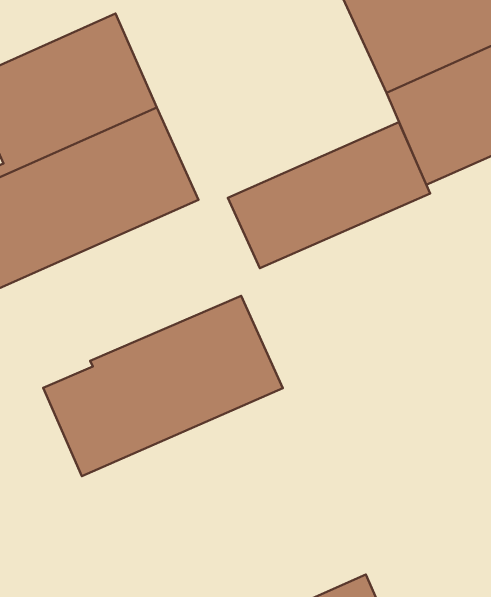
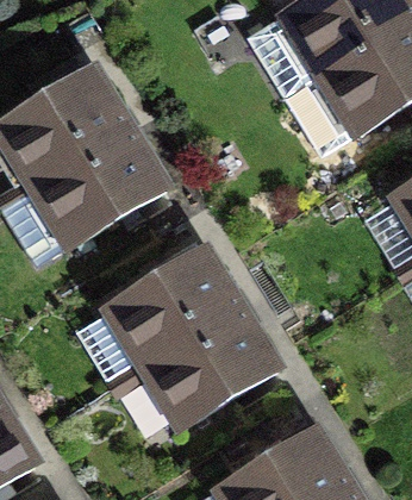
building: [228,122,430,268] -> none
building: none -> [113,306,280,425]

